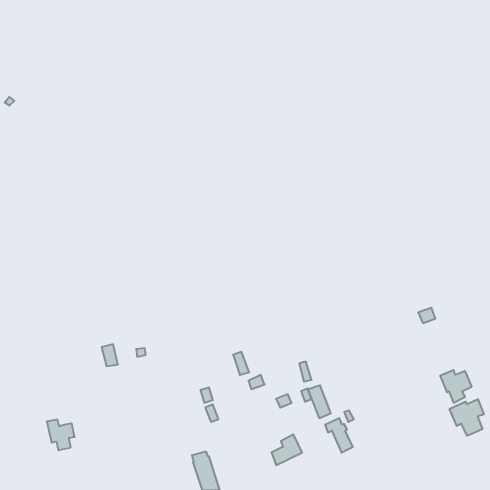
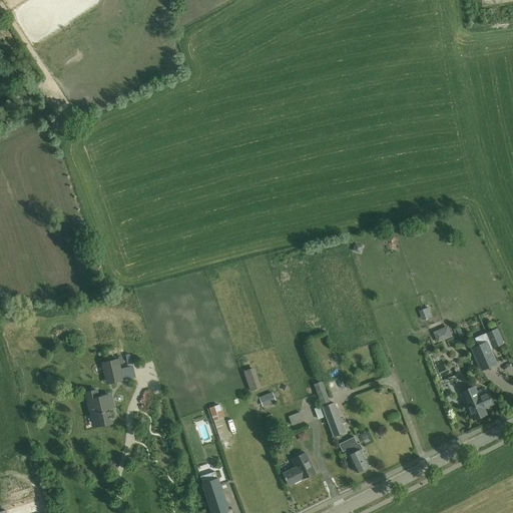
building: none -> [471,328,504,372]
building: [450,399,484,436] -> none
building: [47,420,75,450] -> [86,391,115,423]

